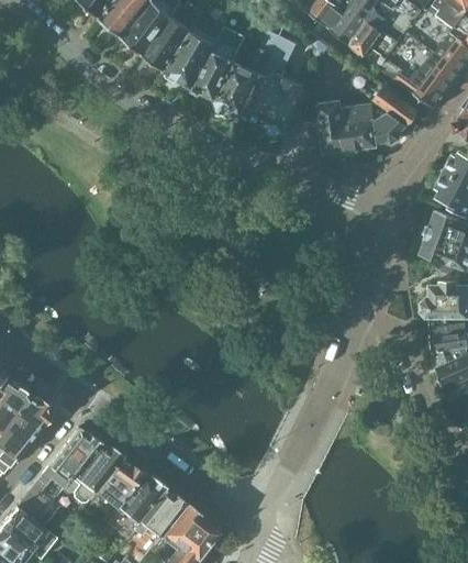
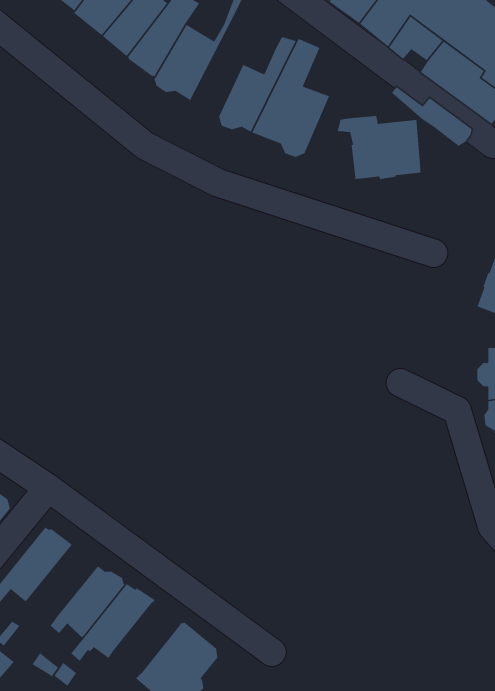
building: [193,25,239,99] -> none
building: [375,110,406,144] -> none
building: [60,442,120,499] -> none
building: [132,489,185,544] -> none

